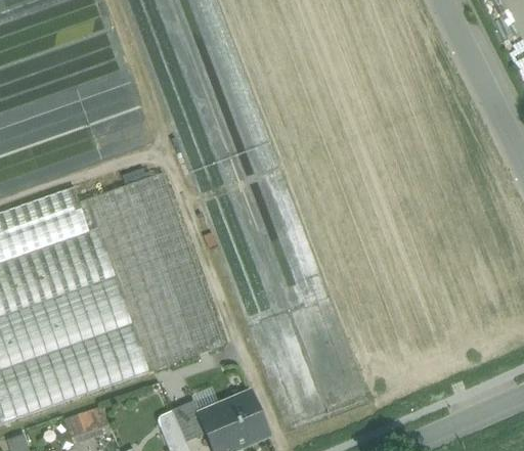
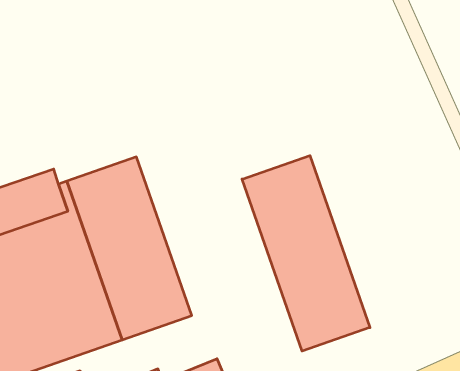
building: none -> [242,156,370,351]

